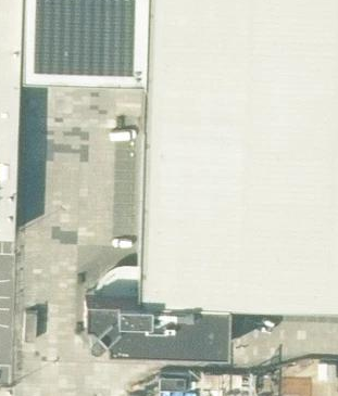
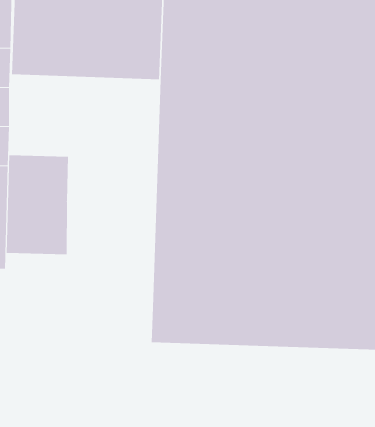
building: none -> [6,154,68,255]
building: [86,277,228,360] -> none

